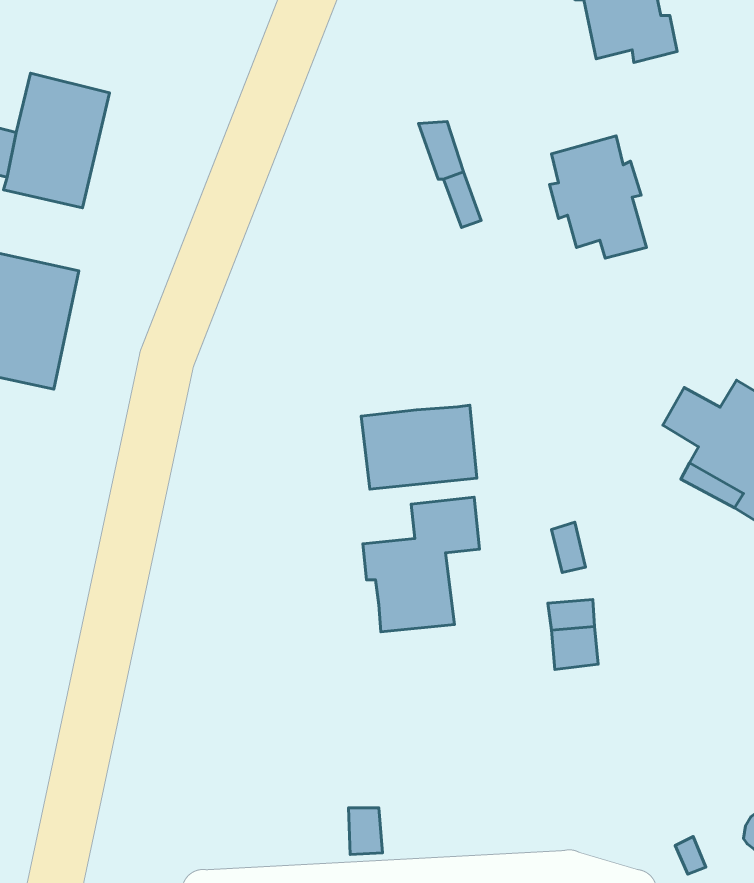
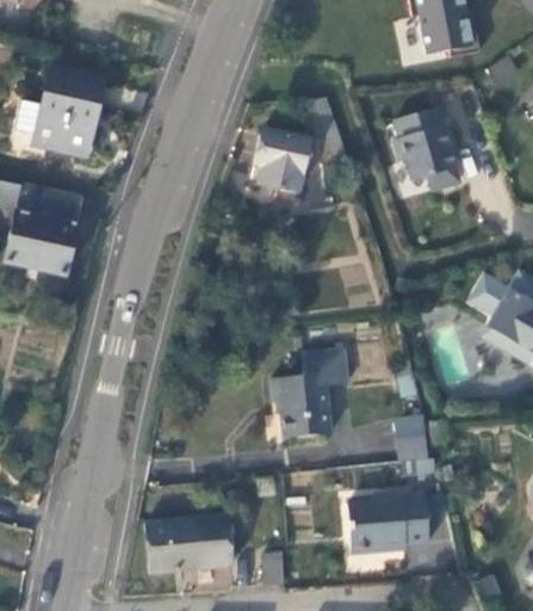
building: none -> [256,130,309,195]
building: [361,405,477,489] -> none
building: none -> [346,494,427,550]
building: none -> [145,514,233,574]

